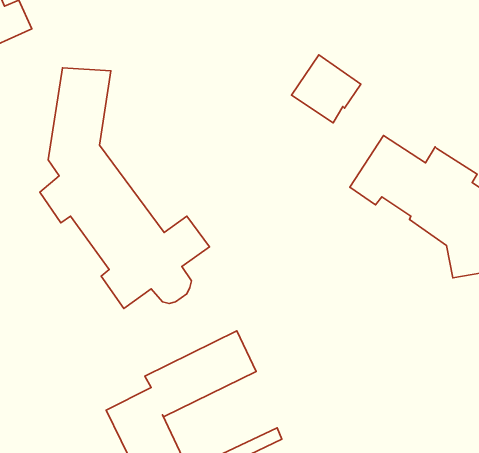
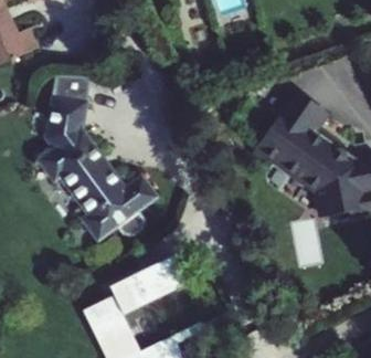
building: [291,55,361,123] -> [276,94,324,140]

